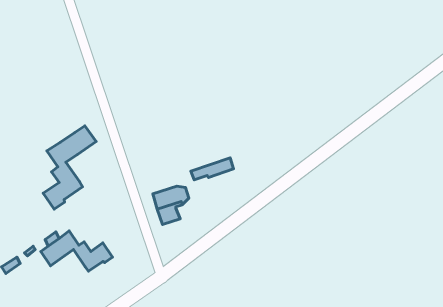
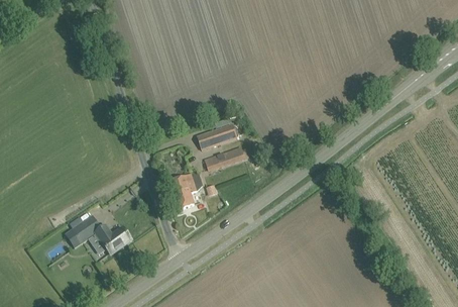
building: [43,126,96,209] -> none
building: none -> [207,124,237,146]

